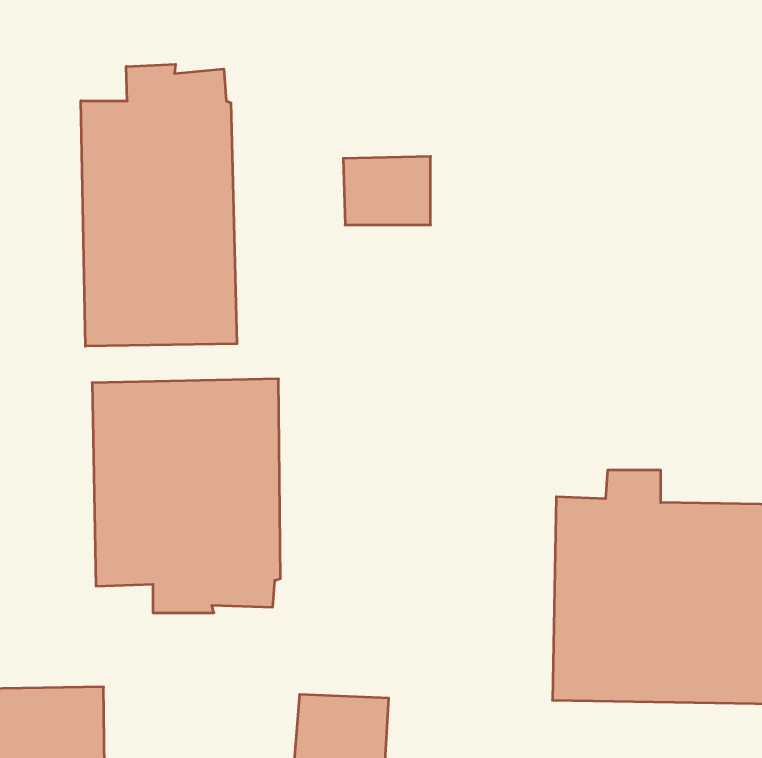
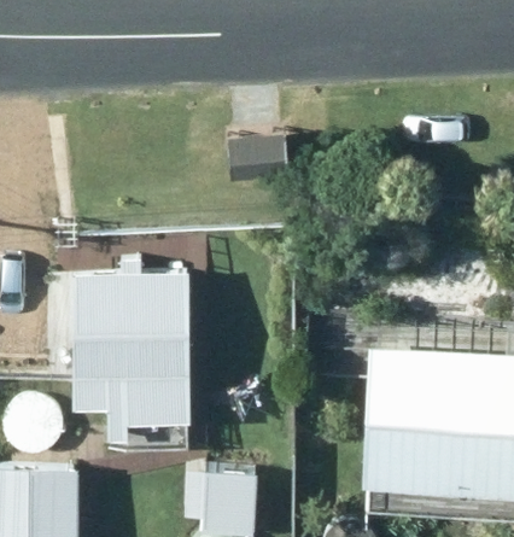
building: [81,64,237,346] -> none

